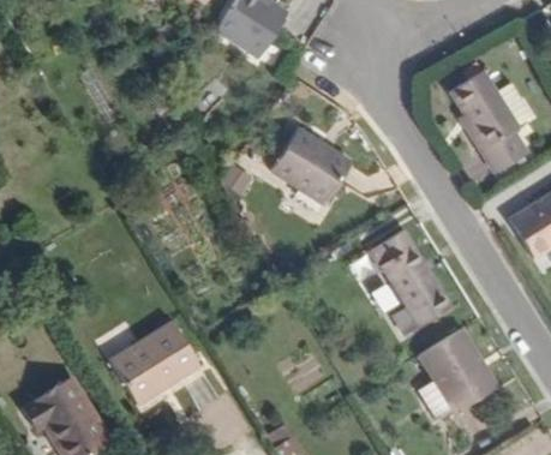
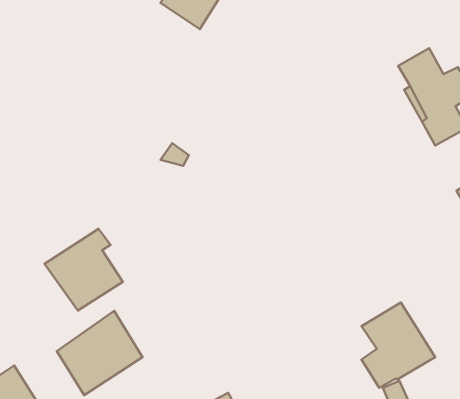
building: [269,120,346,192] -> none
building: [382,235,449,325] -> none
building: none -> [45,229,123,311]

